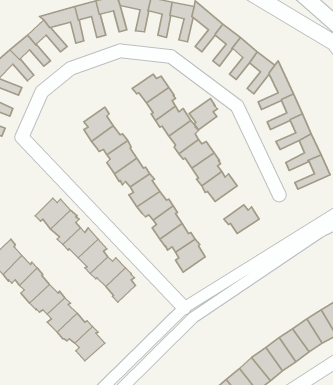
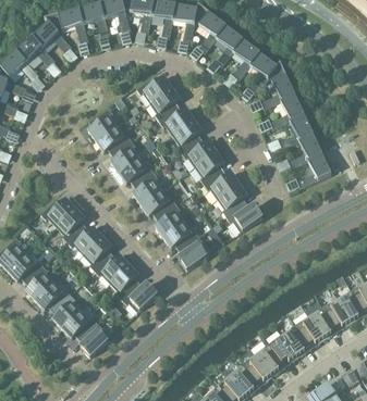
building: [189,99,217,130] -> none
building: none -> [218,184,246,216]
building: none -> [122,281,156,311]

